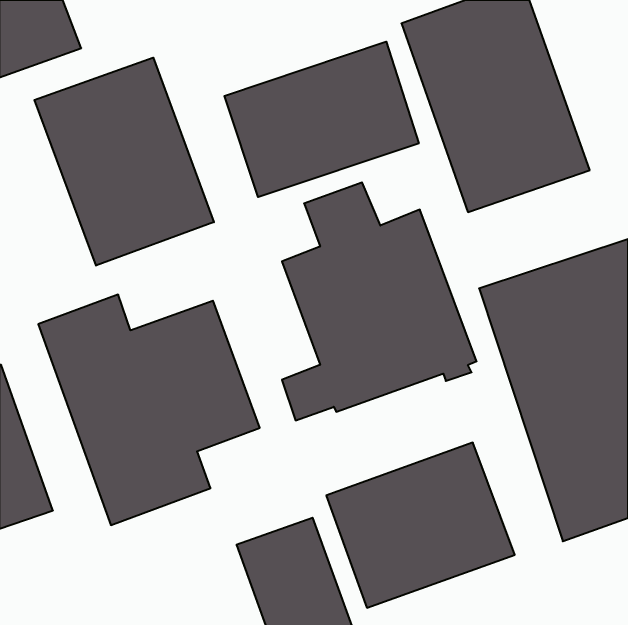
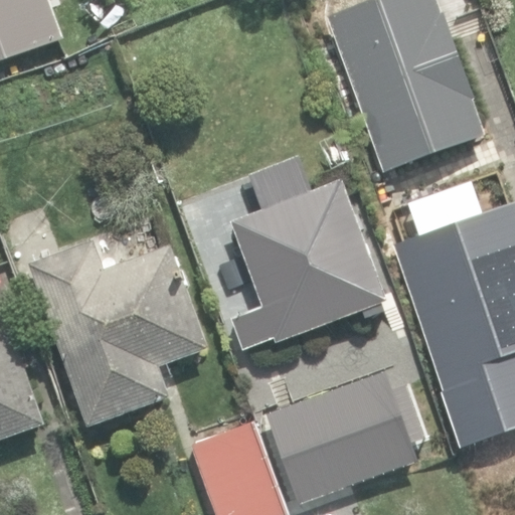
building: [224,42,419,197] -> none
building: [34,58,214,266] -> none

